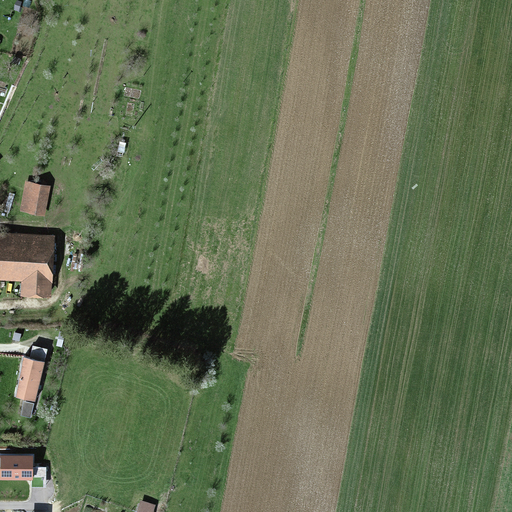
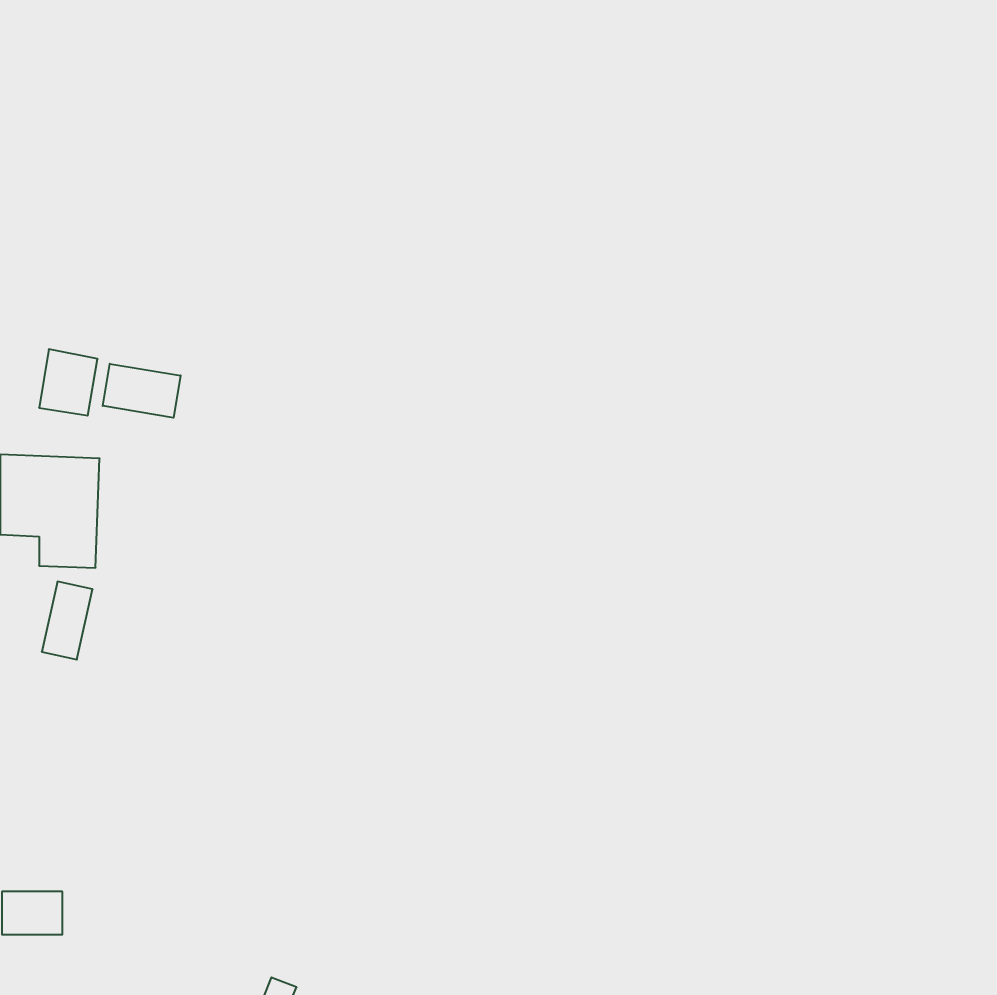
building: none -> [103,364,181,418]
building: [16,361,42,401] -> [42,582,93,660]

